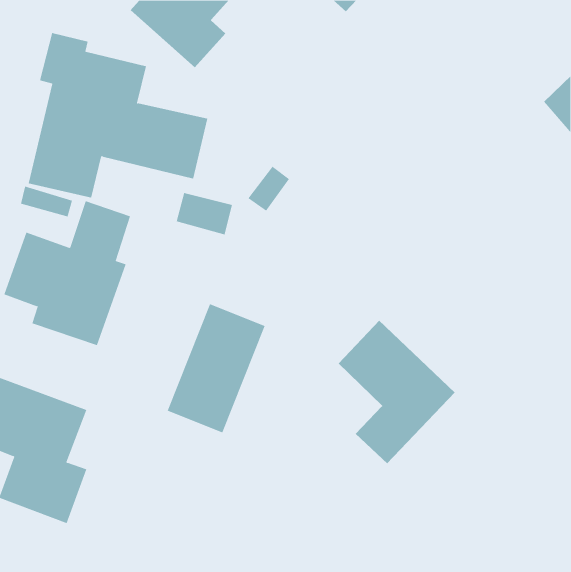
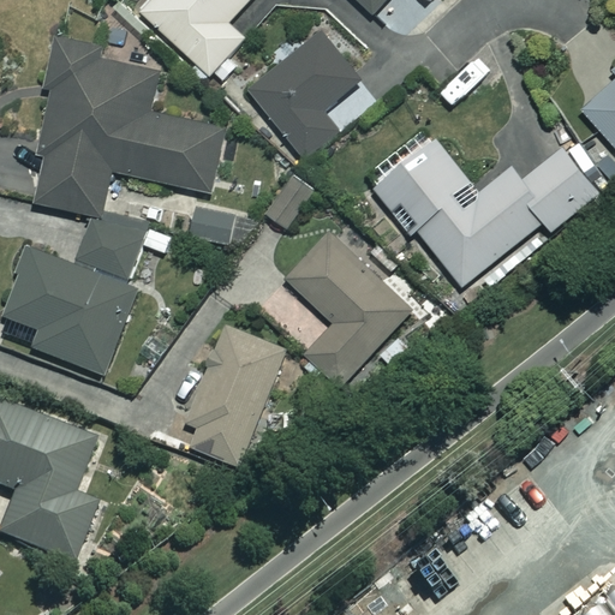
building: none -> [249,29,362,159]
building: none -> [372,127,599,285]
building: [338,320,455,464] -> [286,231,412,386]

